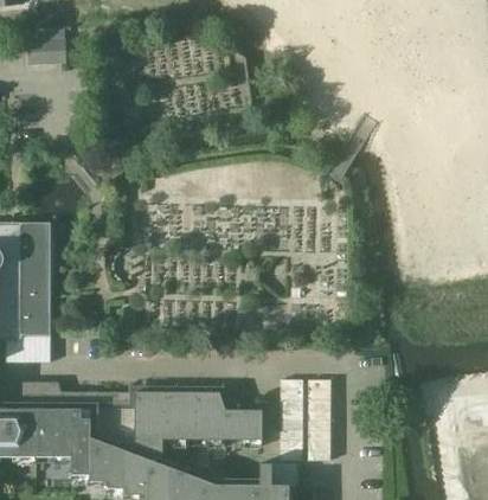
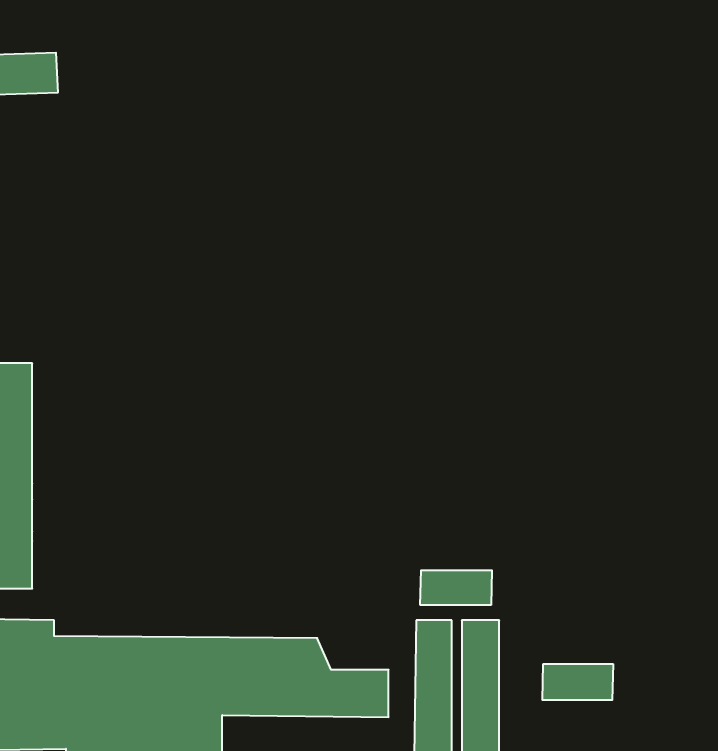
building: none -> [420,570,492,605]
building: none -> [542,664,613,700]

